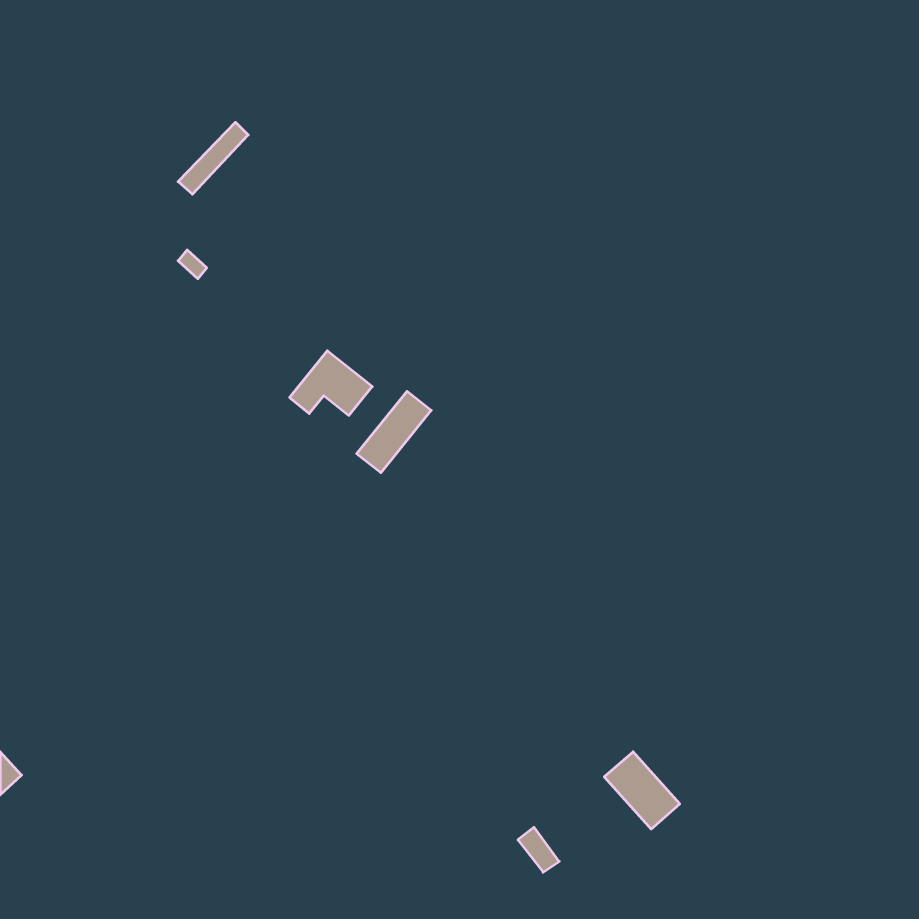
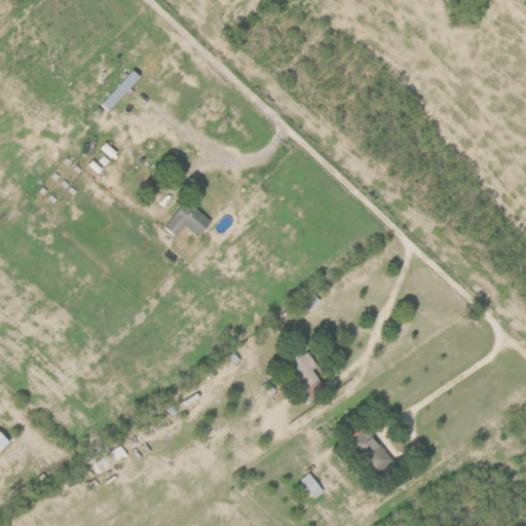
building: [357,391,431,473] -> none
building: none -> [292,351,318,386]

